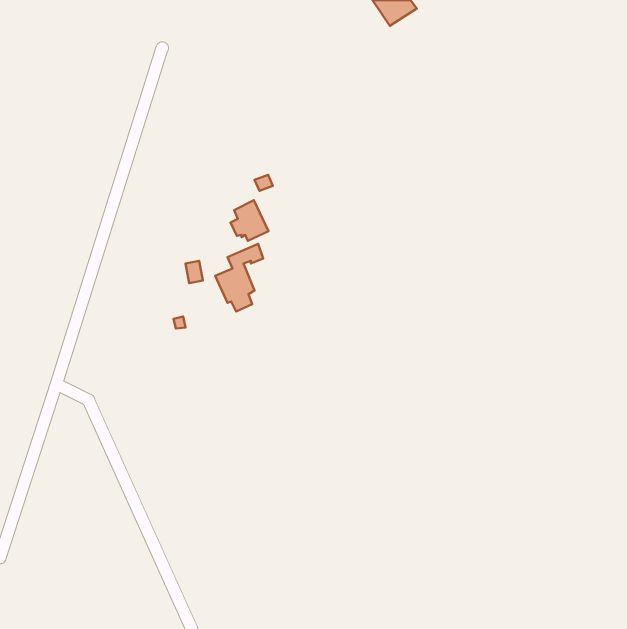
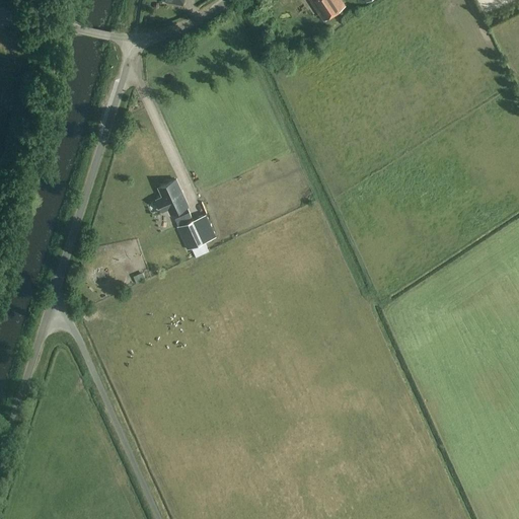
building: [231,200,269,241] -> [157,180,189,214]

